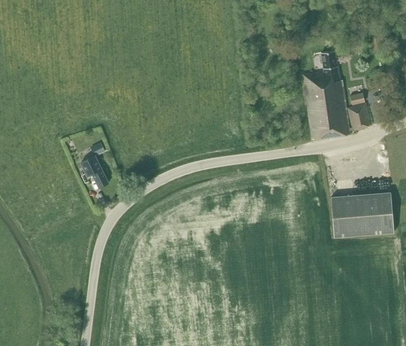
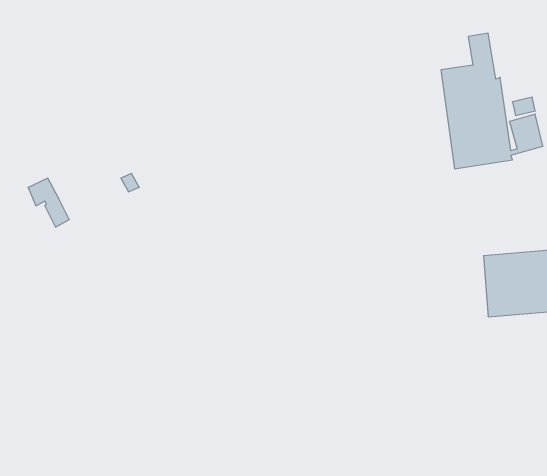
building: [81,155,108,187] -> [28,178,69,227]

